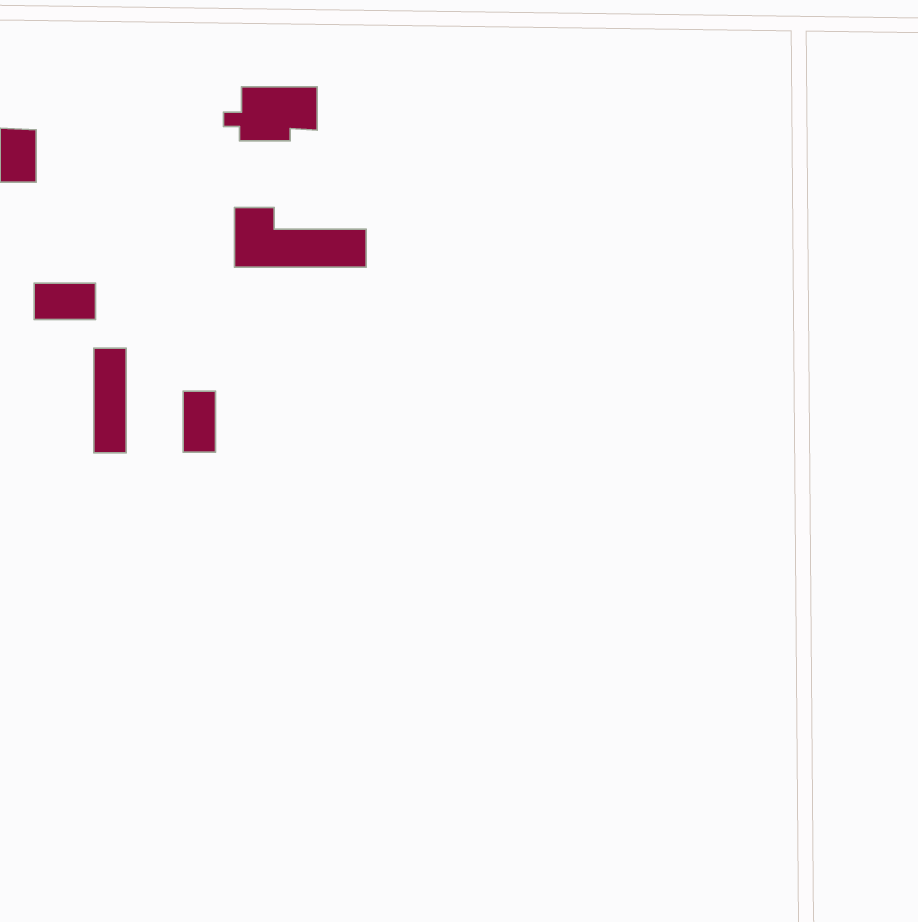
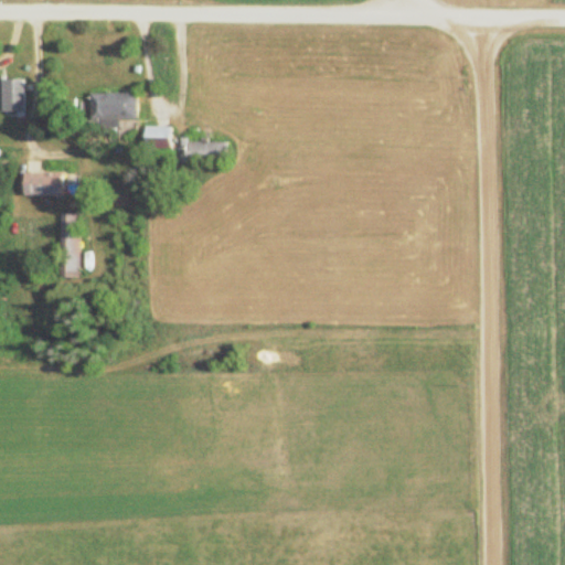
building: [223,87,317,141] -> [78,93,136,126]
building: [183,391,215,452] -> none

